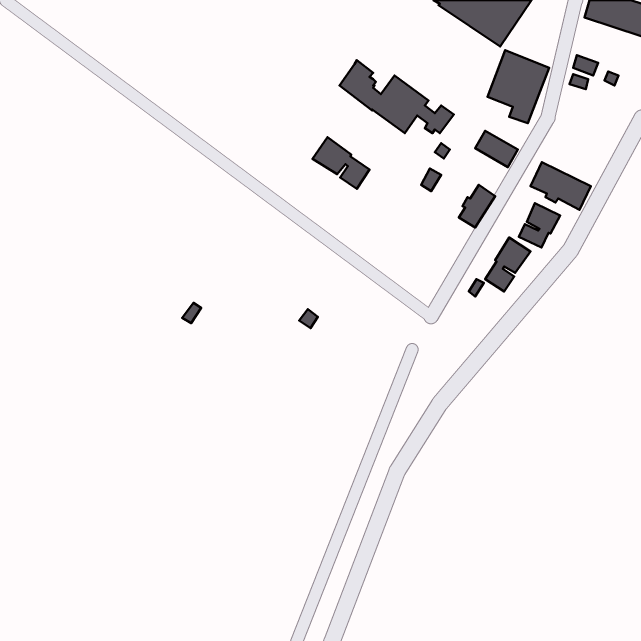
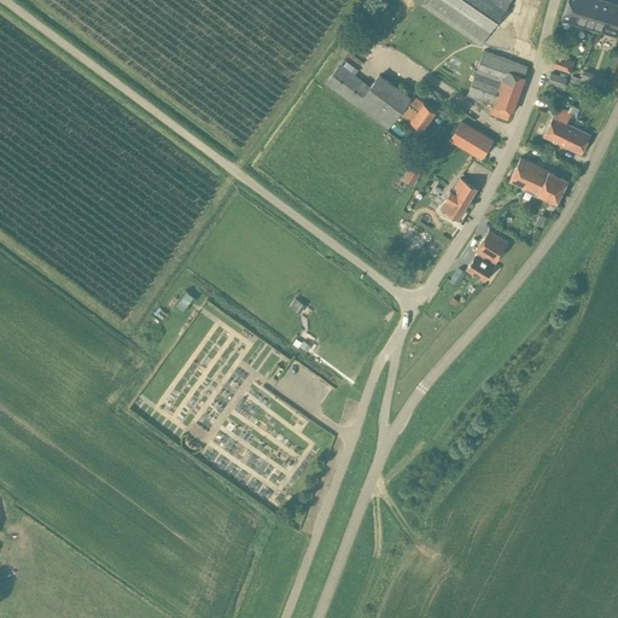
building: none -> [544,105,591,153]
building: [313,137,370,189] -> none
building: [519,203,560,247] -> none

